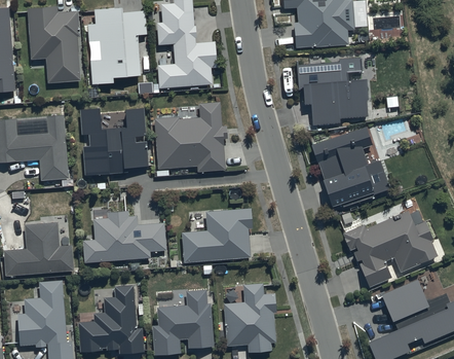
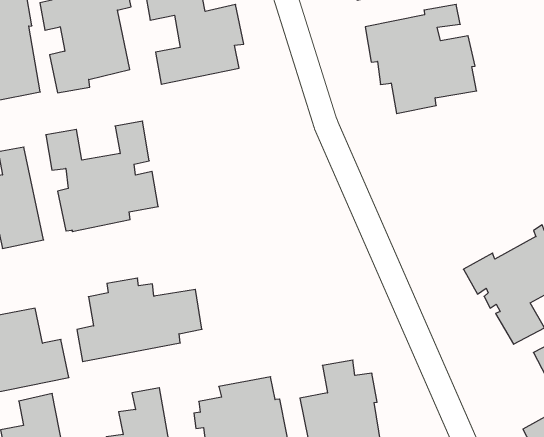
building: [154,103,227,172] -> none
building: [310,129,388,208] -> none
building: [181,209,252,263] -> none

